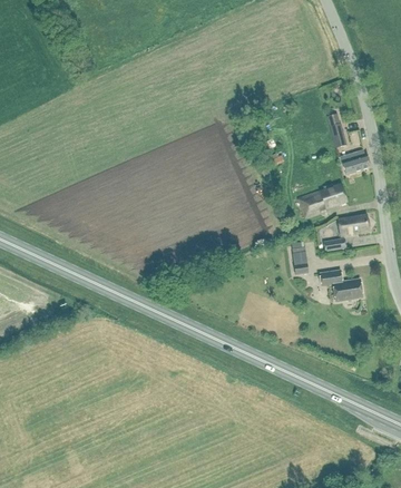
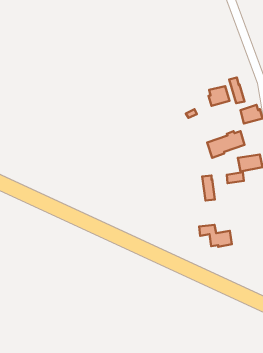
building: none -> [209,86,229,106]
building: [320,271,362,300] -> [199,225,232,247]

